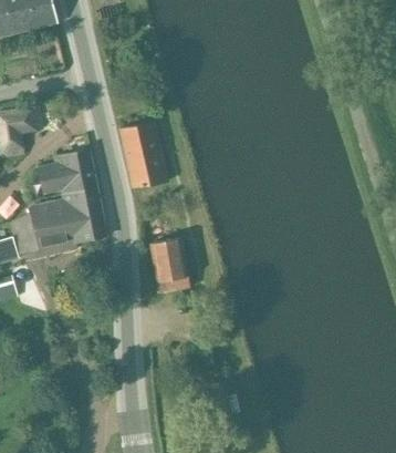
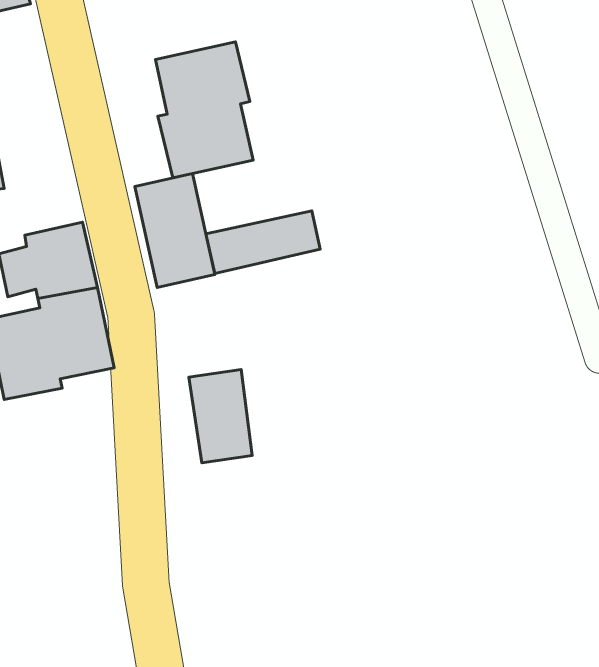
building: none -> [155,42,253,178]
building: none -> [206,211,320,273]

